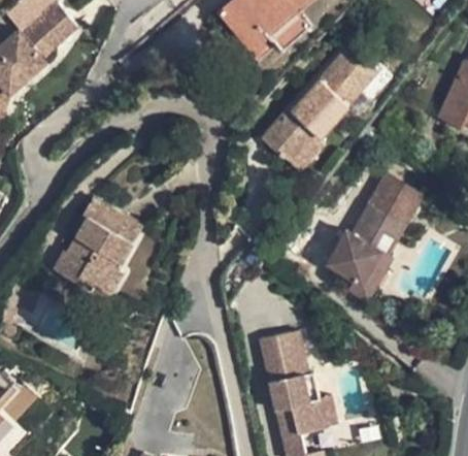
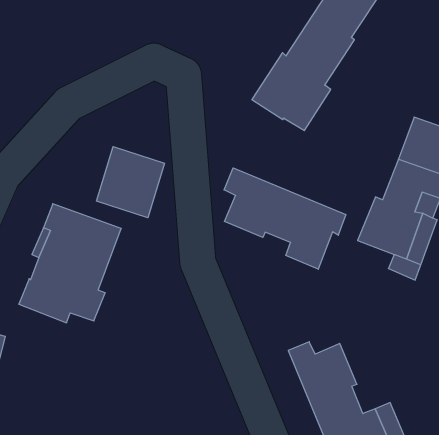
building: none -> [96,147,164,218]
building: none -> [224,168,346,269]

